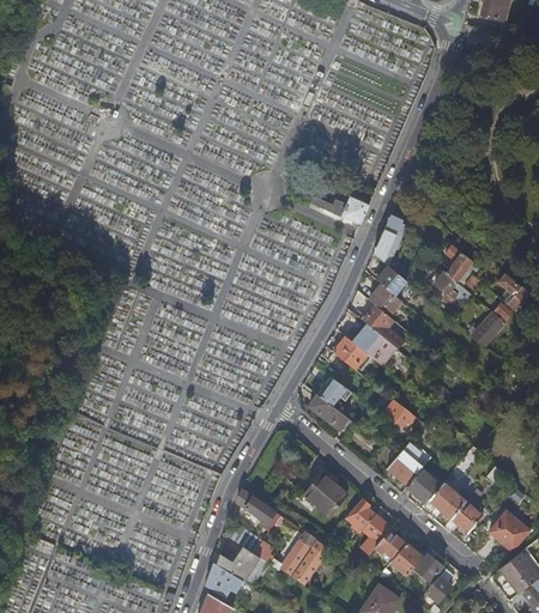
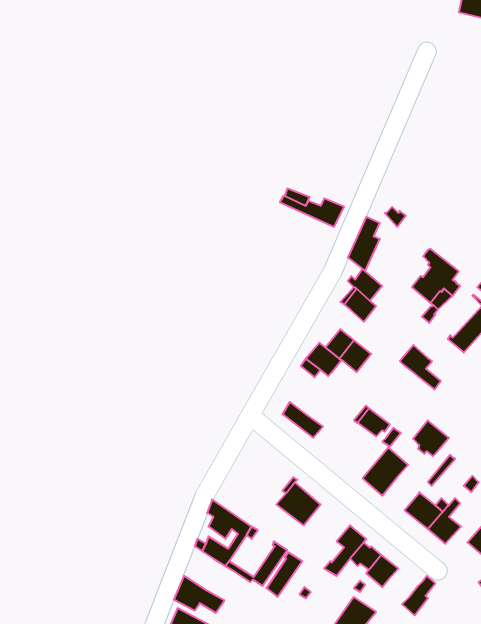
building: [362,305,401,348] -> [400,345,441,390]
building: [316,377,351,407] -> none
building: [406,468,441,503] -> [413,420,449,456]
building: [345,498,375,533] -> none
building: [216,547,260,583] -> none
building: [412,552,443,584] -> none

